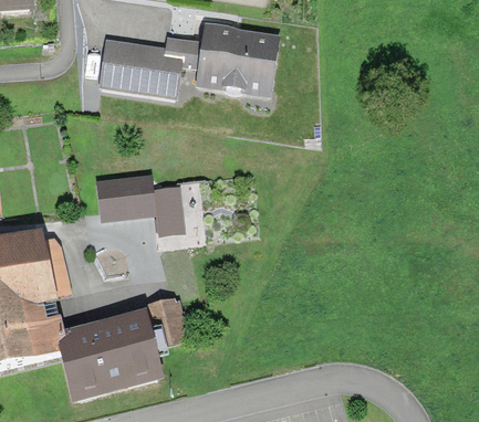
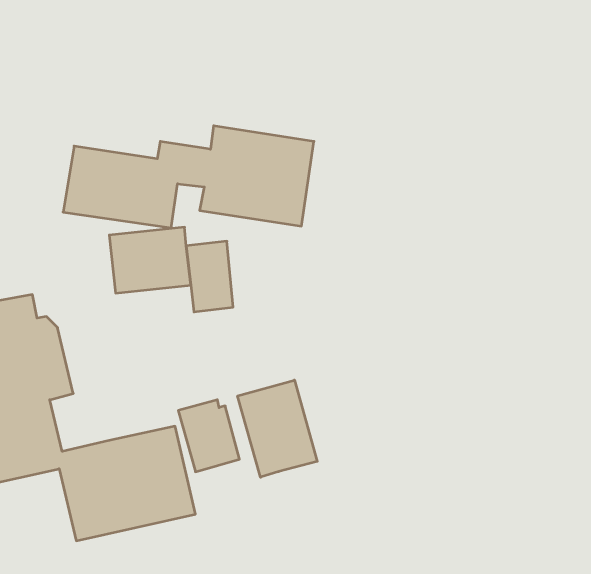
building: [98,25,275,97] -> [63,126,314,228]
building: none -> [238,380,317,477]

